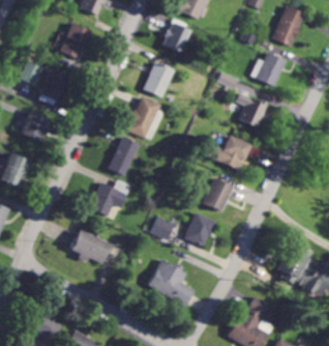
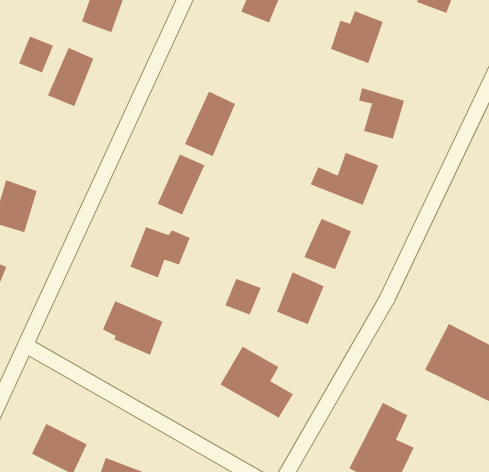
building: [252,52,287,86] -> [330,10,383,64]
building: [143,61,173,96] -> none
building: [23,111,50,141] -> none

